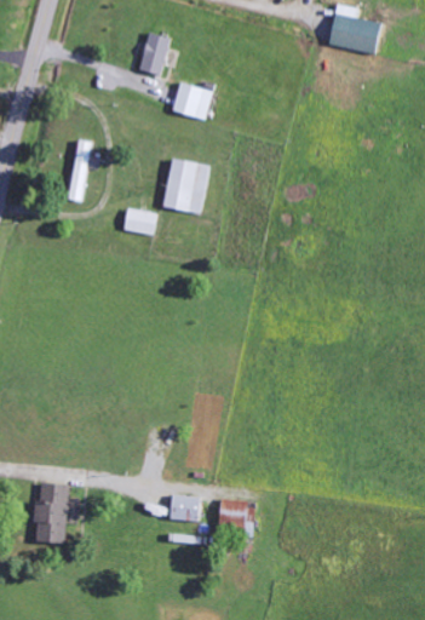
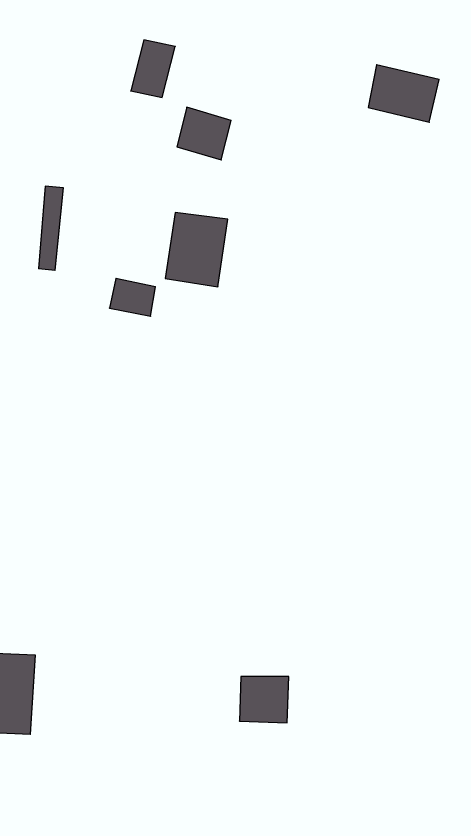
building: [328,12,380,54] -> [368,65,439,122]
building: [170,495,199,521] -> none

